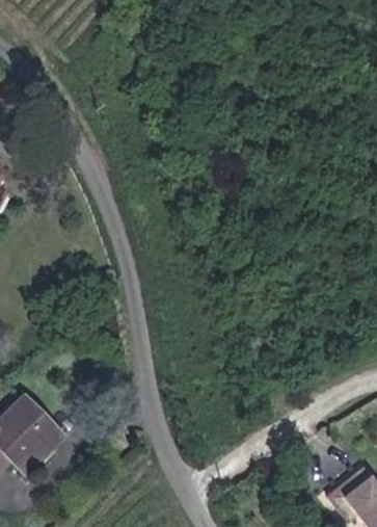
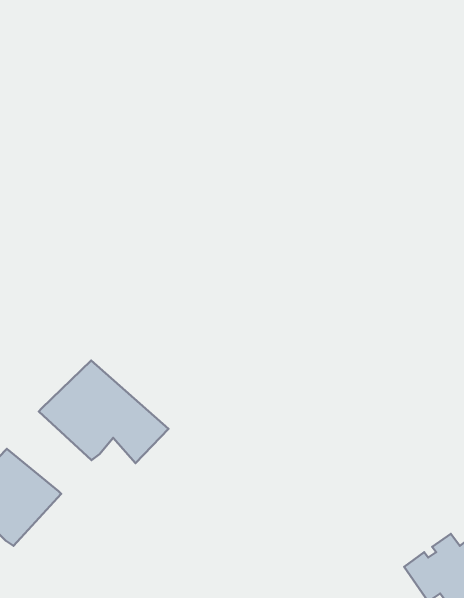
building: none -> [39,361,168,463]

